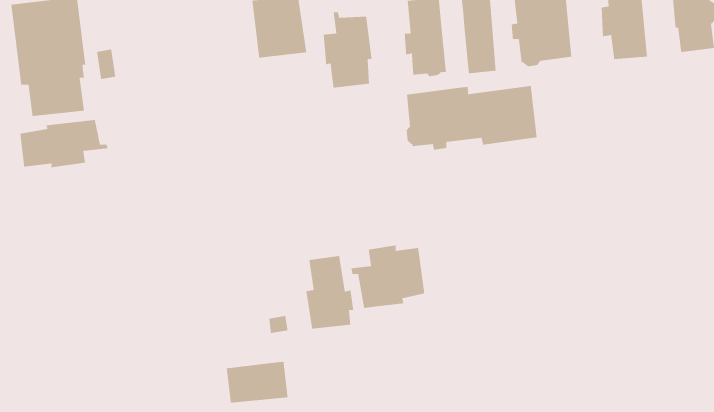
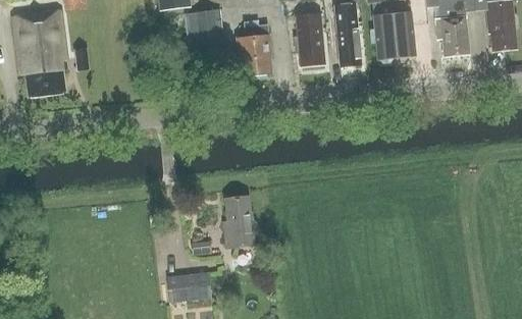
building: [406,85,537,150] -> none
building: [19,119,108,168] -> none
building: [350,244,425,309] -> none

